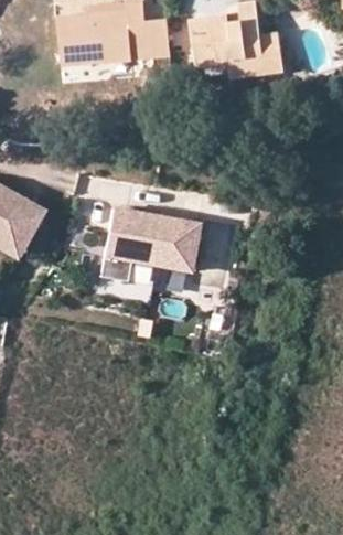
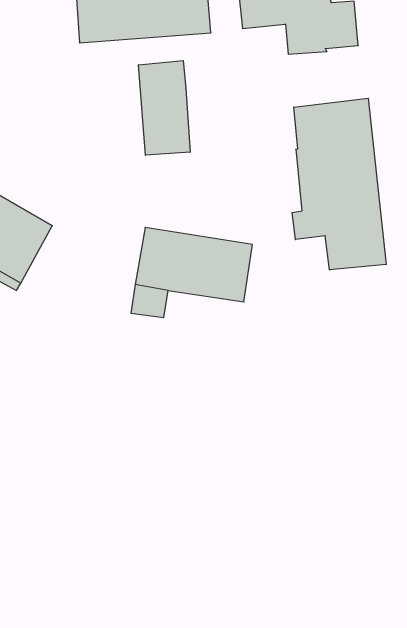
building: none -> [139,61,190,155]
building: none -> [292,98,386,270]

